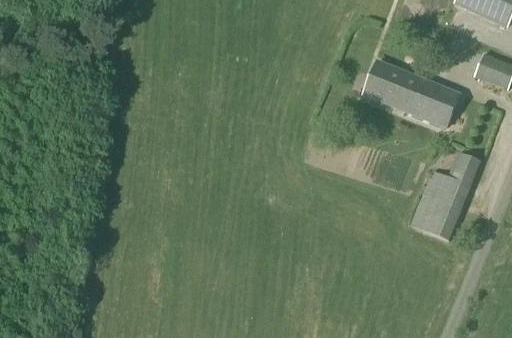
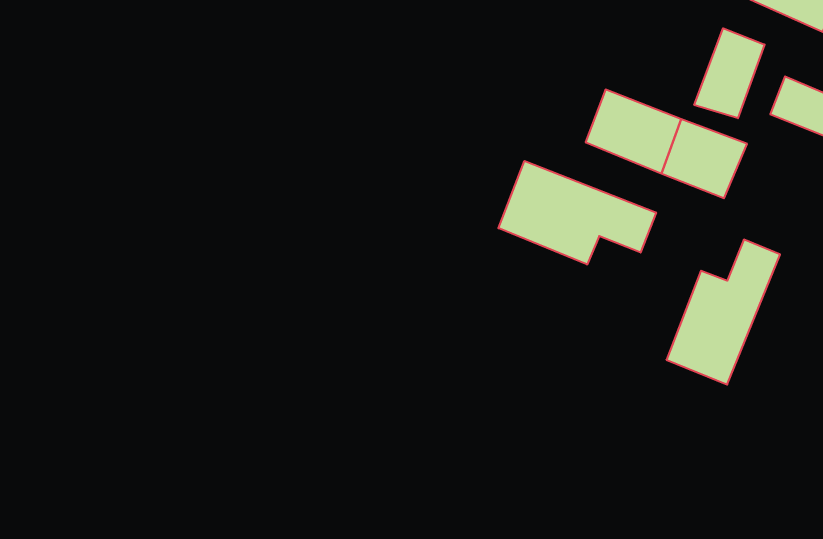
building: none -> [694,28,765,118]
building: none -> [498,161,656,265]

